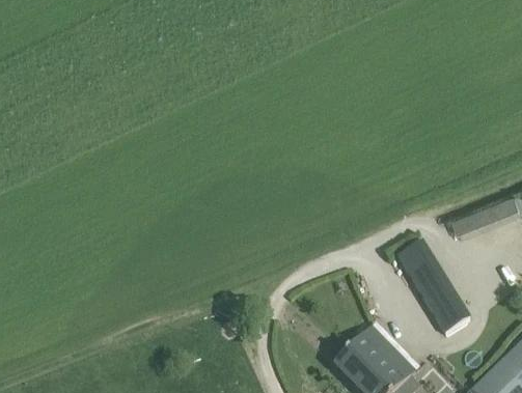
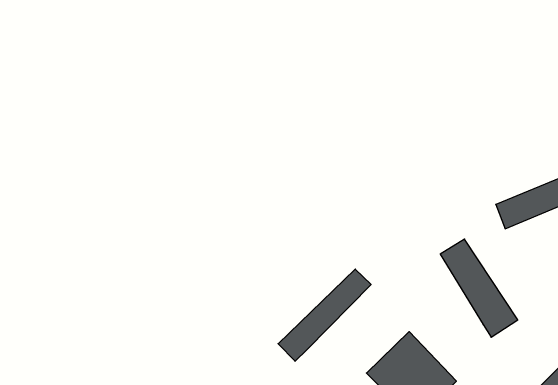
building: none -> [278,269,371,361]

